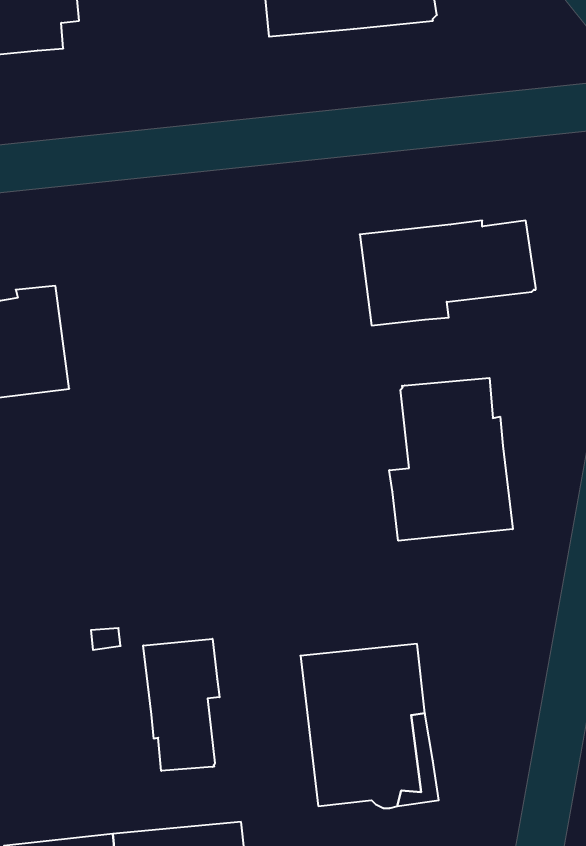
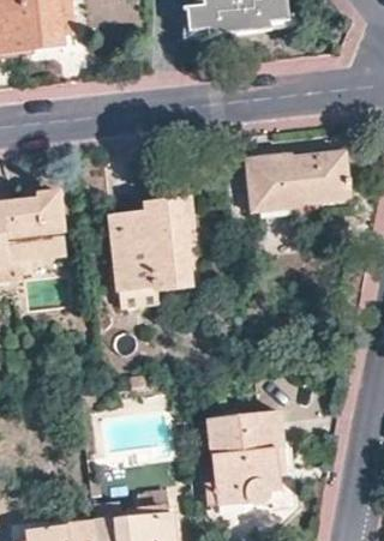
building: none -> [109,198,191,289]
building: [389,378,513,541] -> none
building: [143,639,220,771] -> none

